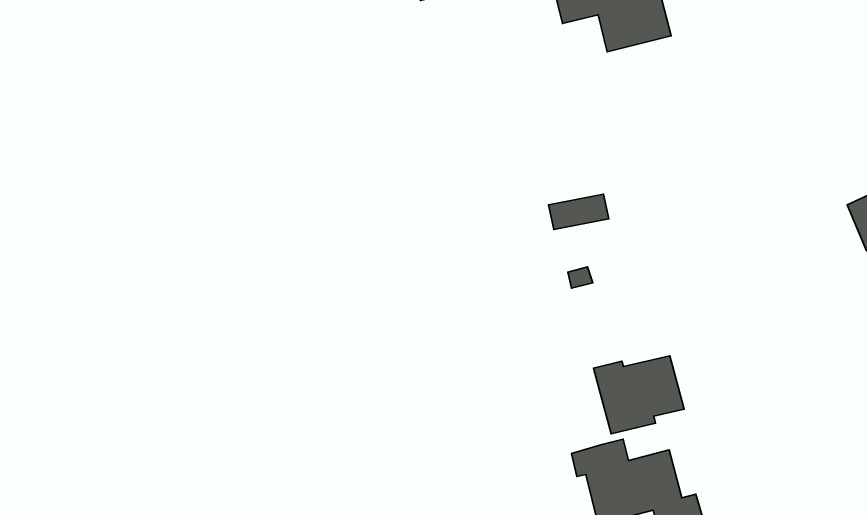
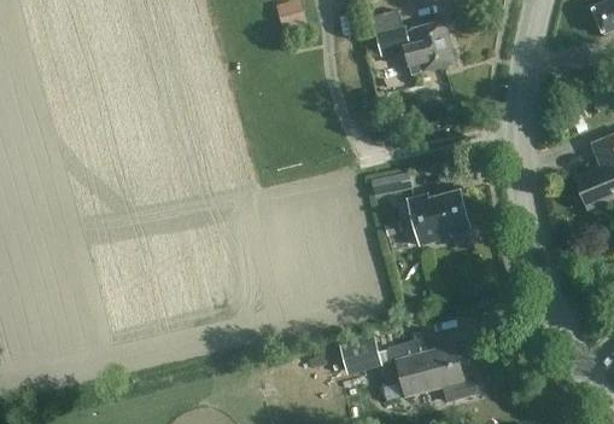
building: [593,356,684,434] -> [409,191,470,244]
building: none -> [340,335,384,374]

